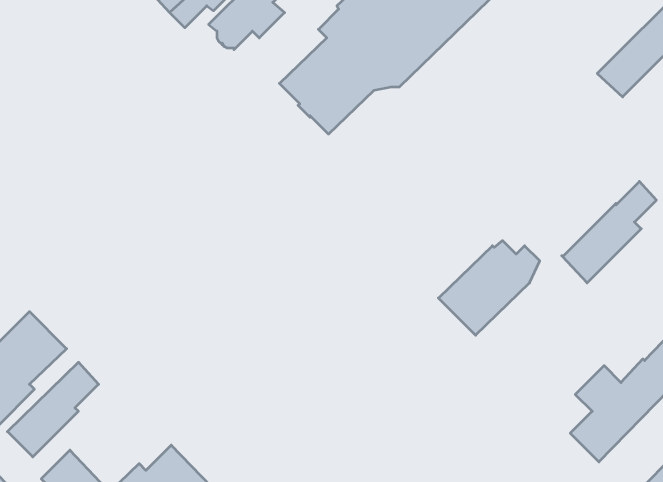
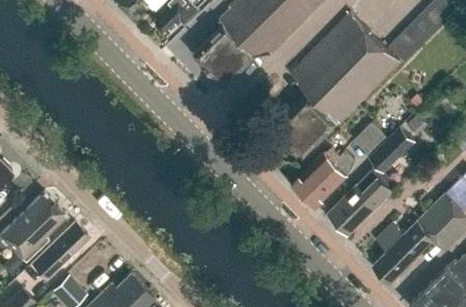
building: none -> [274,13,399,155]
building: none -> [353,124,386,158]
building: none -> [327,178,390,234]

